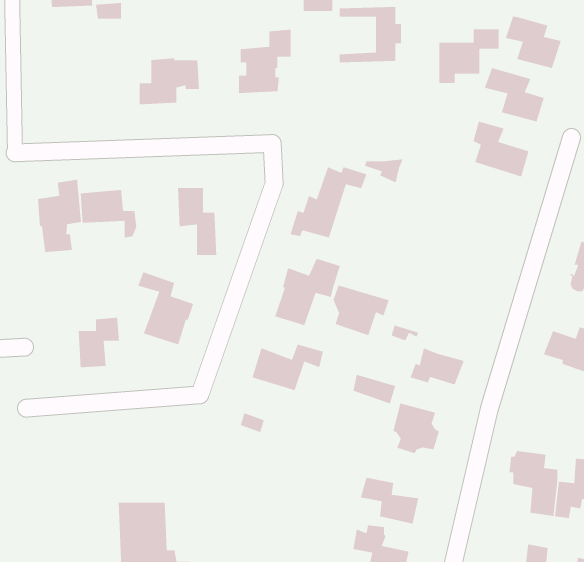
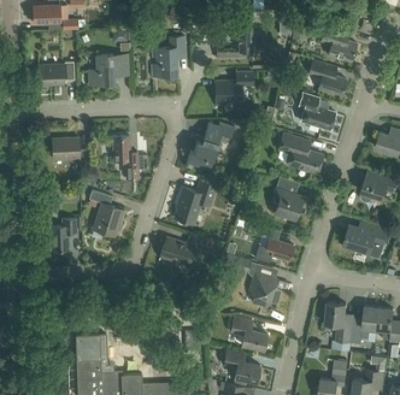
building: [438,29,499,84] -> [214,72,253,107]
building: none -> [35,61,73,90]
building: [37,179,82,253] -> none
building: none -> [280,134,324,173]
building: [333,285,390,336] -> [272,188,308,220]

